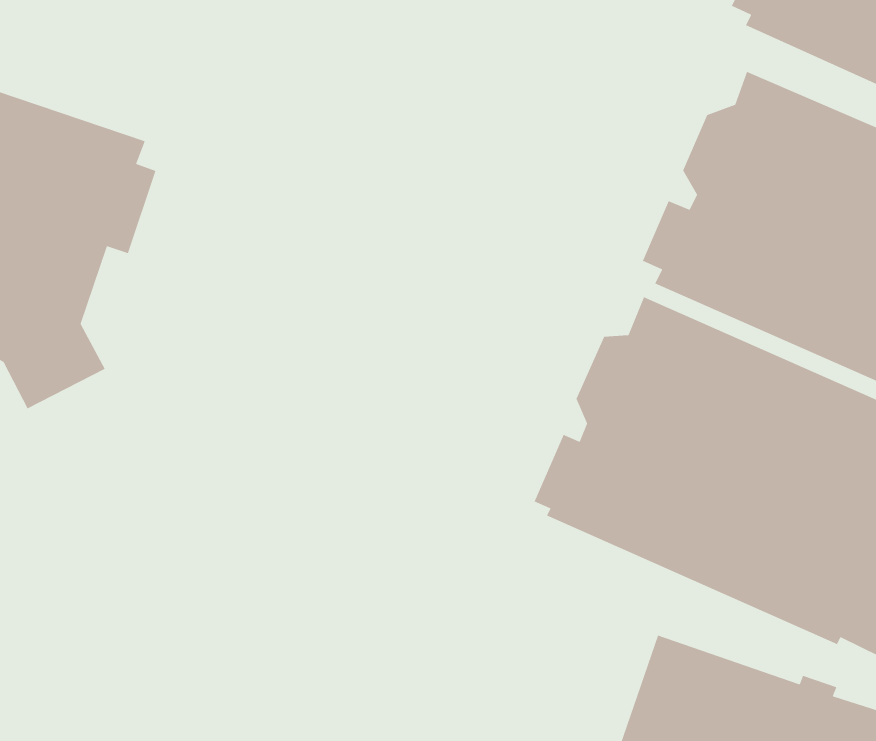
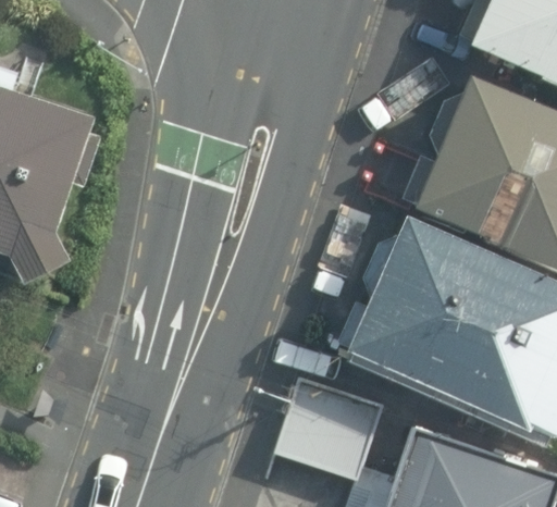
building: none -> [273,376,384,482]

